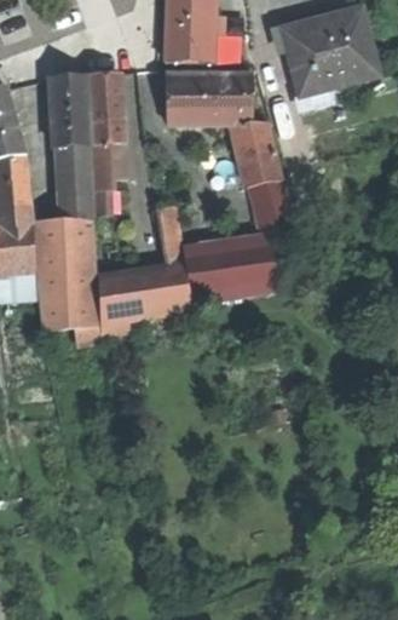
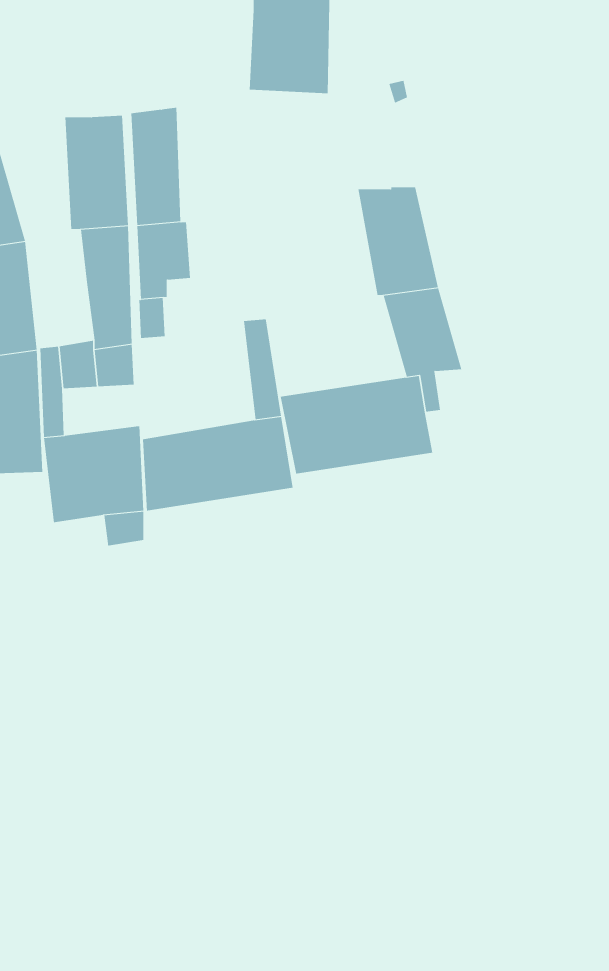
building: [282,10,377,104] -> none
building: [166,71,254,122] -> none
building: [48,243,96,275] -> none

